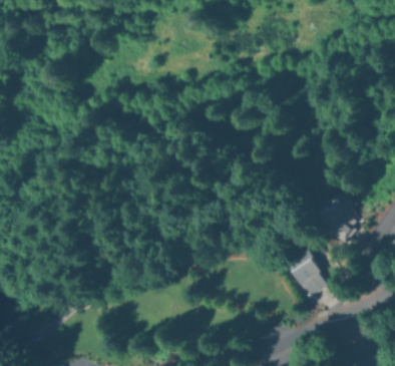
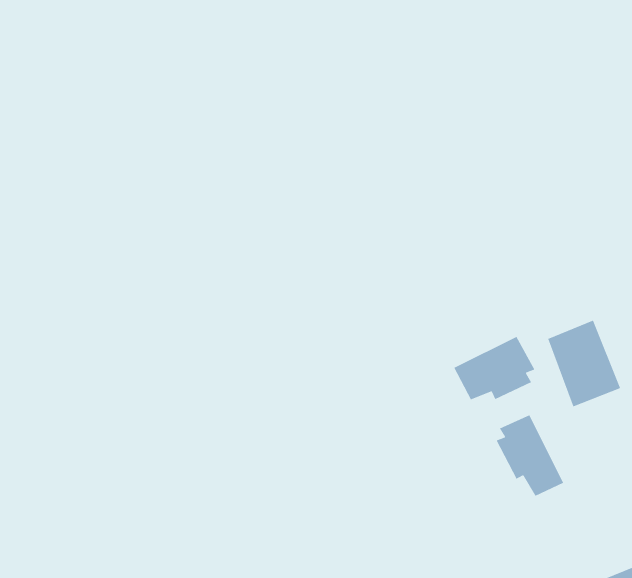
building: none -> [453,336,535,400]

